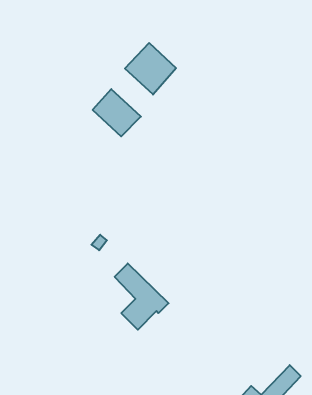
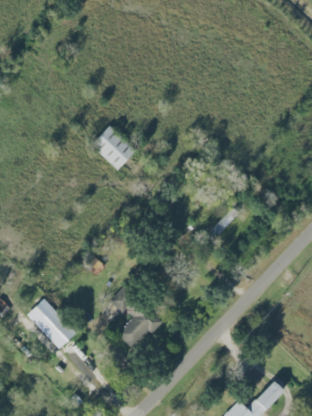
building: [125,43,176,95] -> none
building: none -> [27,298,77,350]

